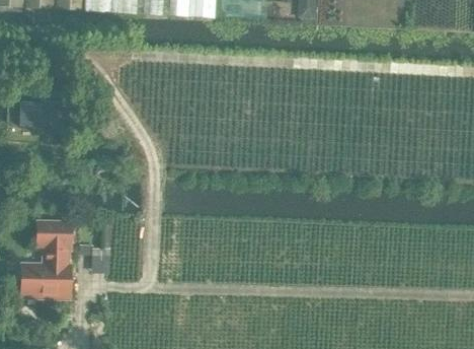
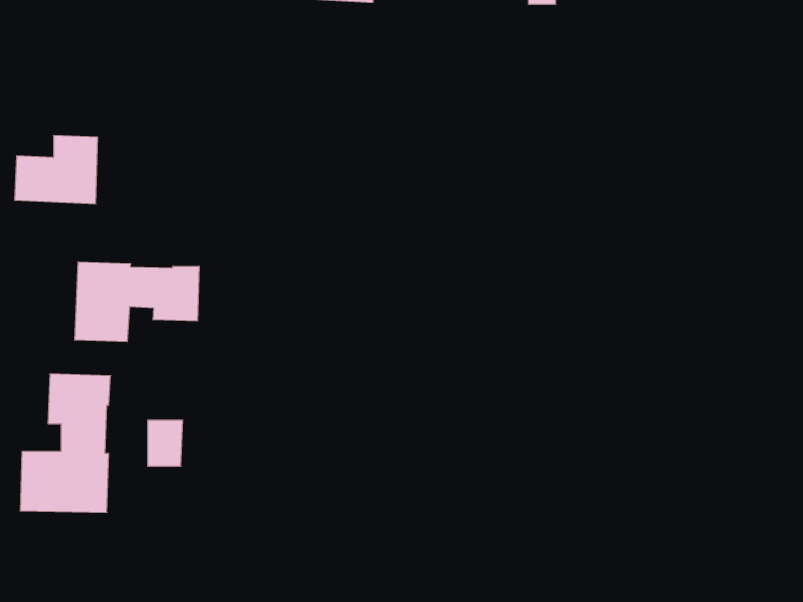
building: none -> [75,262,199,342]

